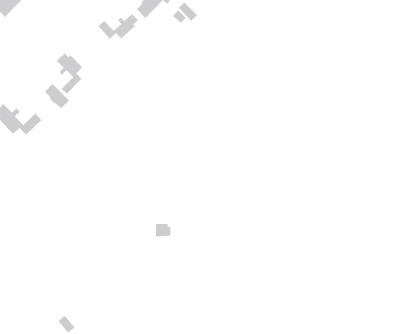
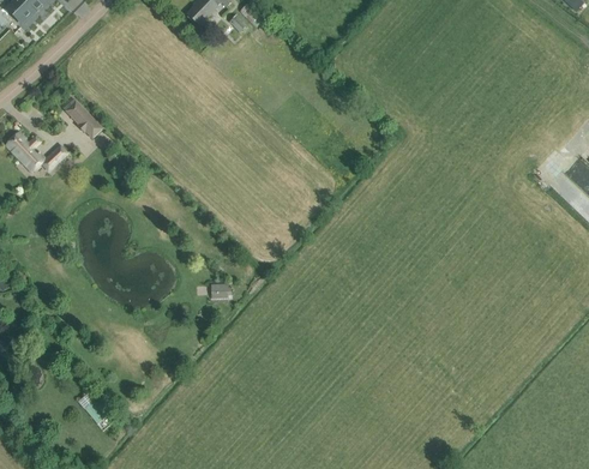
building: [98,13,139,39] -> none
building: [56,53,83,94] -> none

